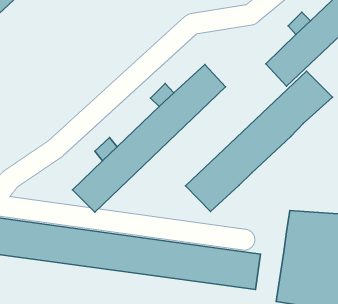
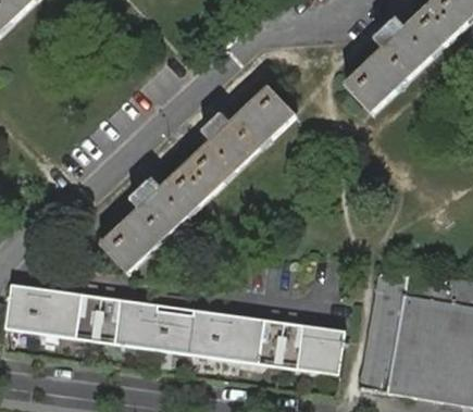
building: [185,71,332,211] -> none

